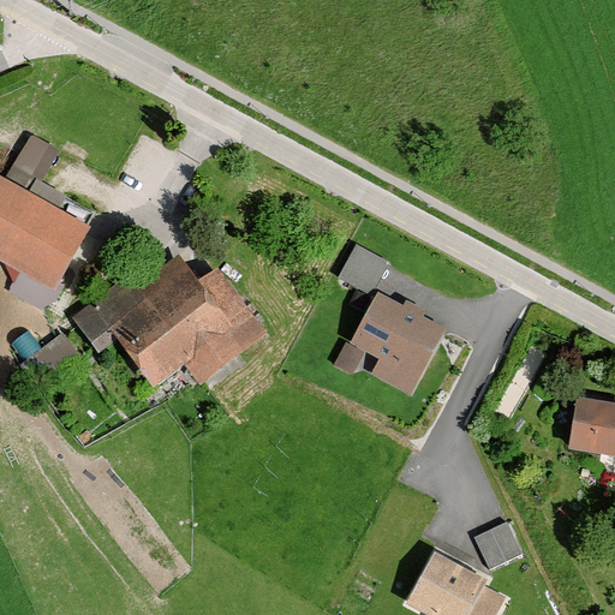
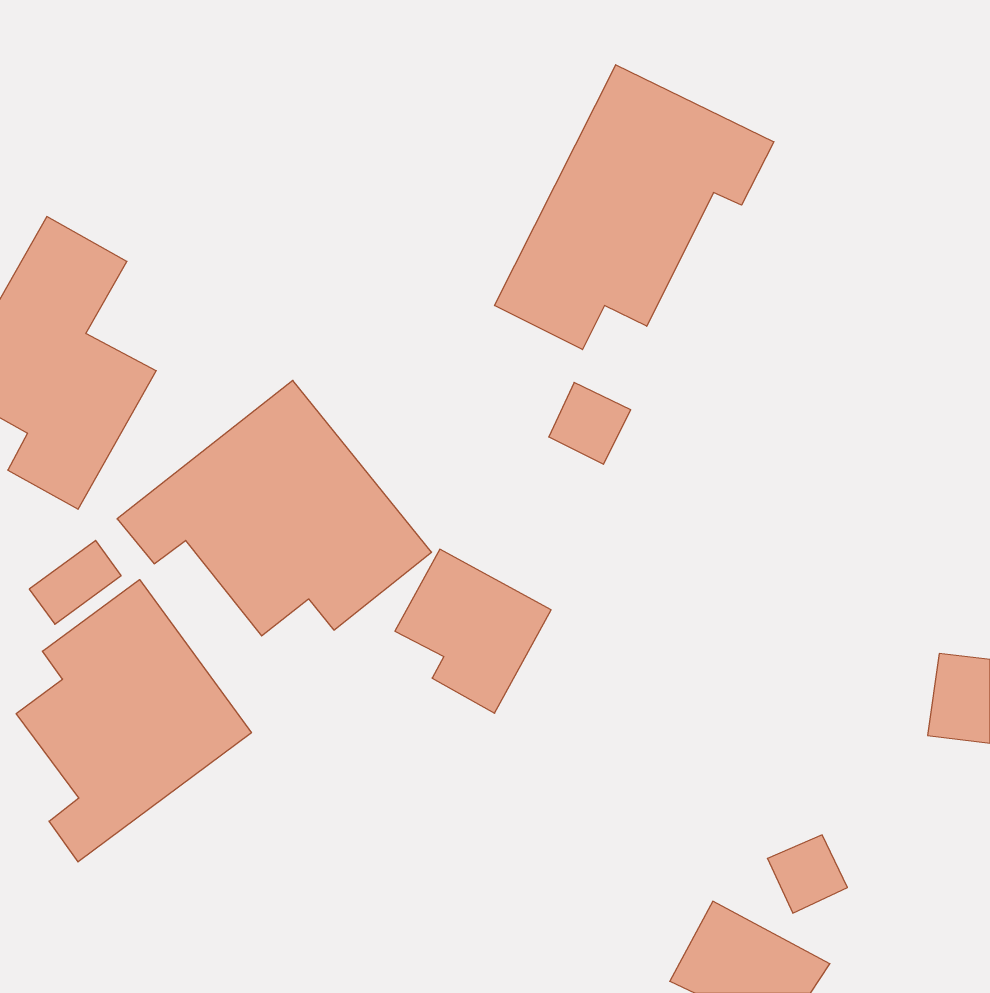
building: none -> [495,65,774,350]
building: [345,298,441,399] -> [395,549,551,713]
building: none -> [16,580,251,862]

